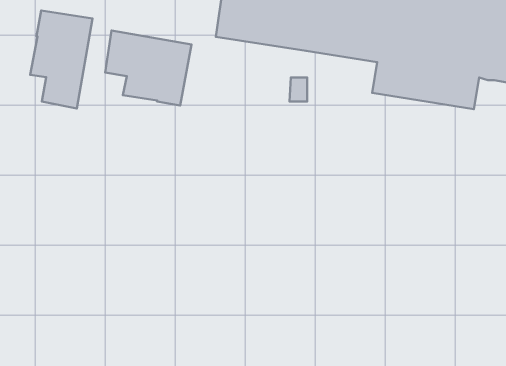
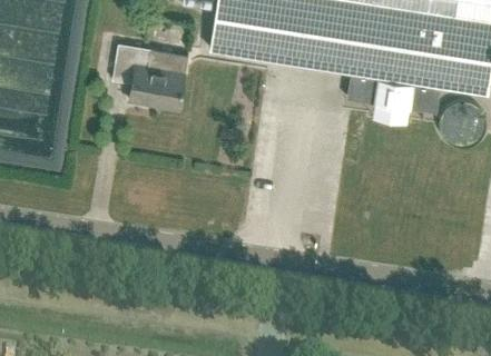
building: [30,10,92,109] -> none

